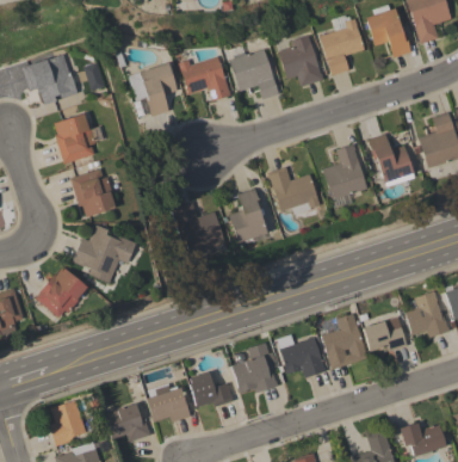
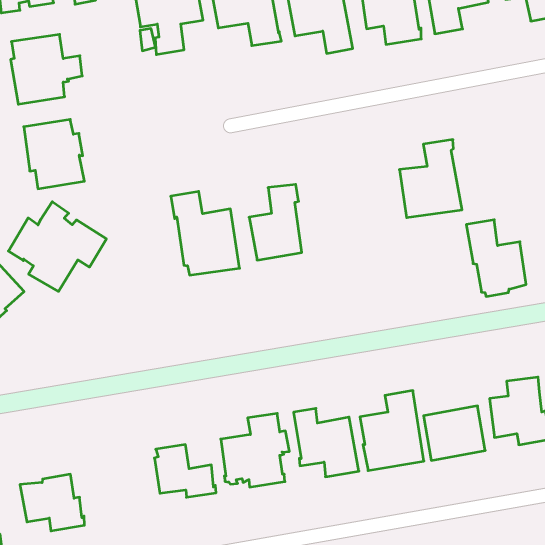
building: [367,134,413,185] -> [466,220,526,296]
building: [267,166,320,215] -> none
building: [146,383,190,421] -> none

